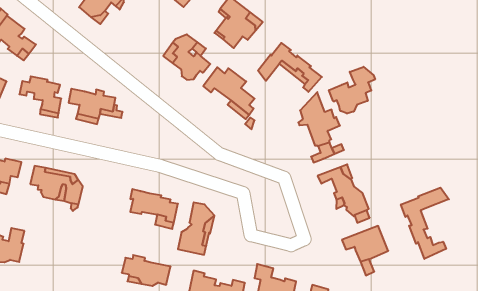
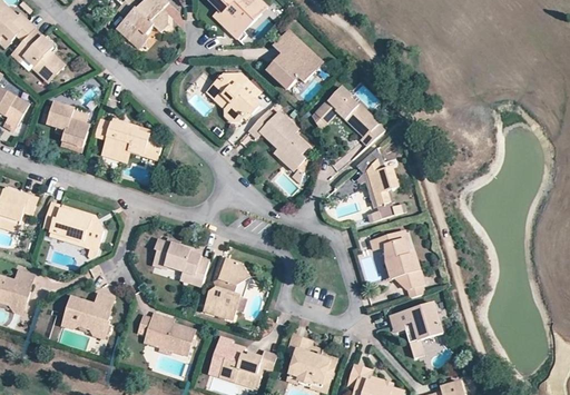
building: [329,67,375,114] -> none
building: [401,188,449,259] -> none
building: none -> [65,293,115,332]

